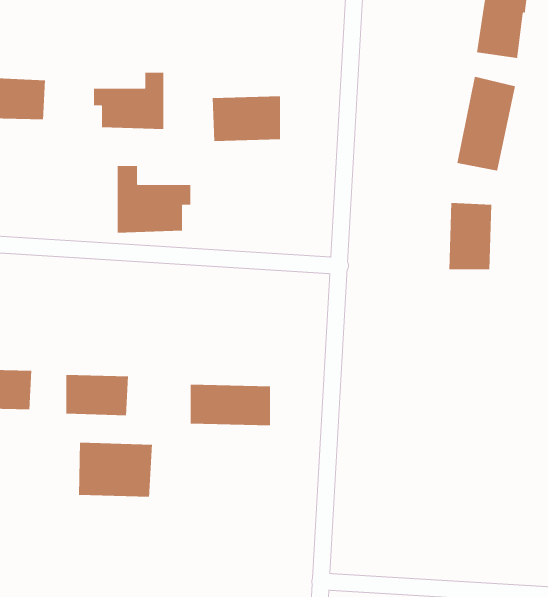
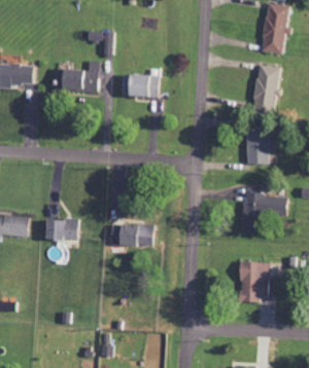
building: [117,165,191,234] -> none
building: none -> [240,194,286,232]
building: [79,442,152,498] -> none
building: none -> [238,262,268,303]

